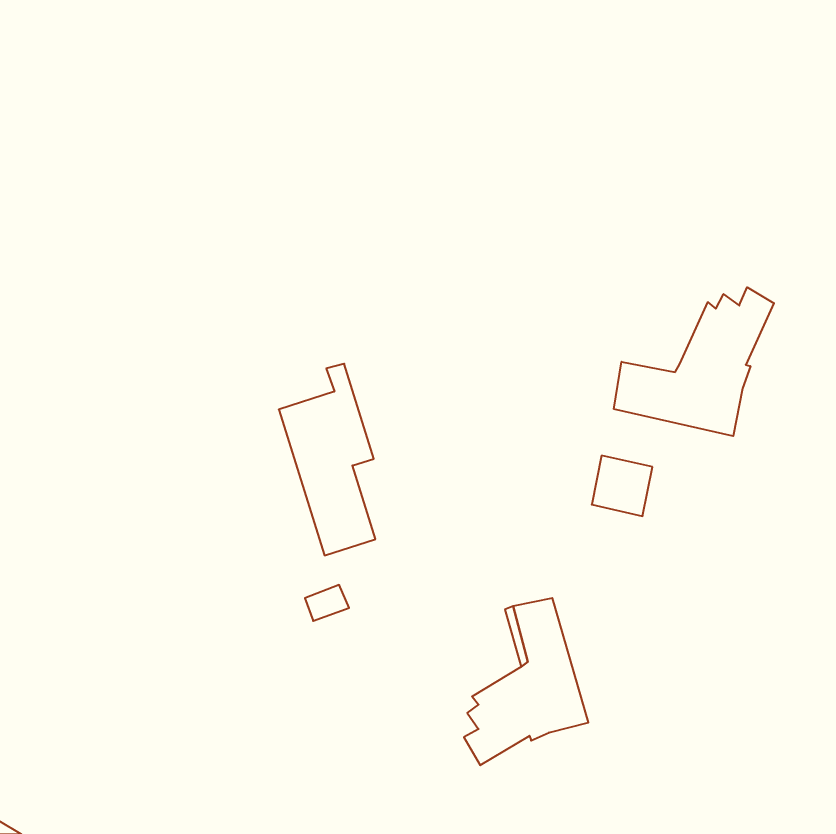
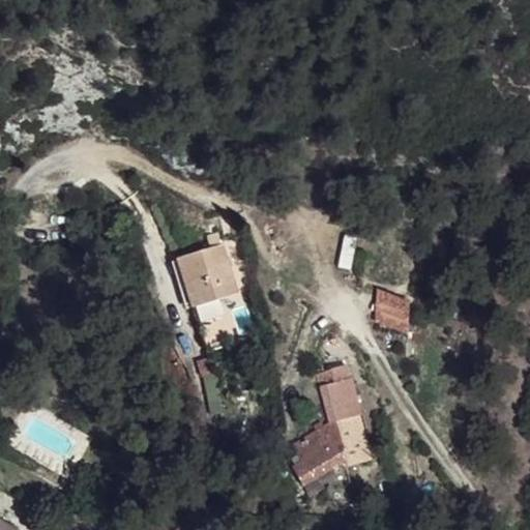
building: [614,287,774,436] -> none

